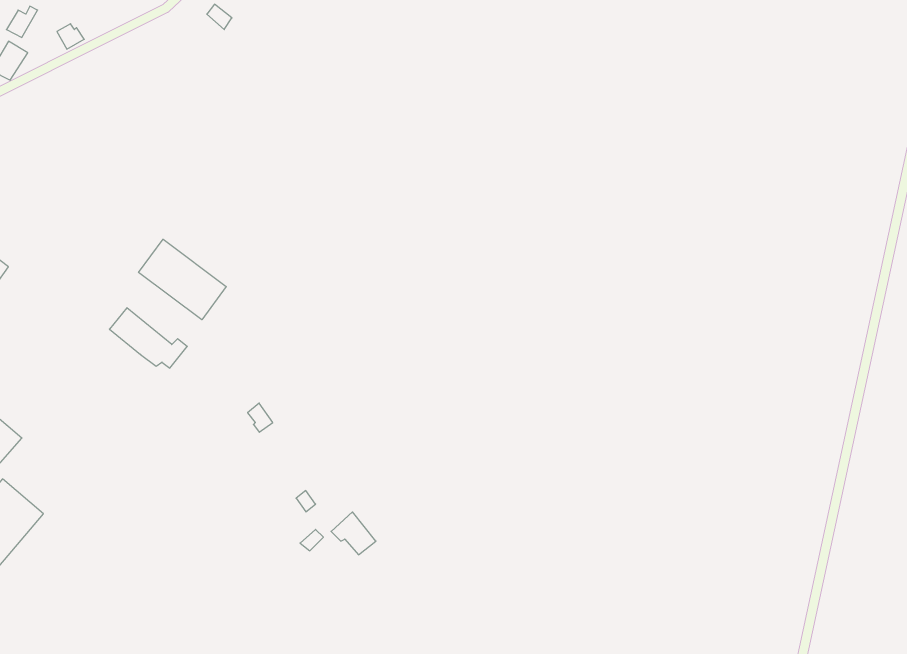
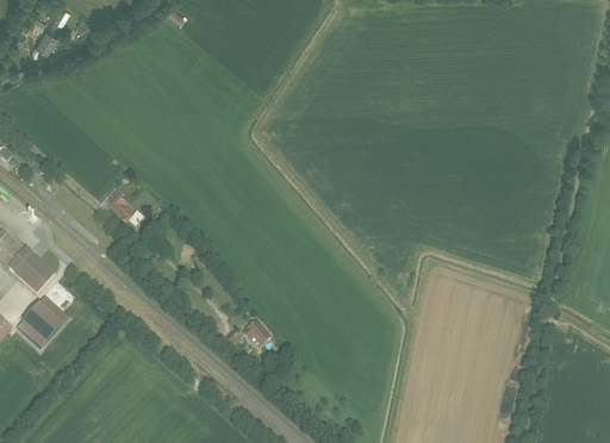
building: [139,239,226,320] -> none

